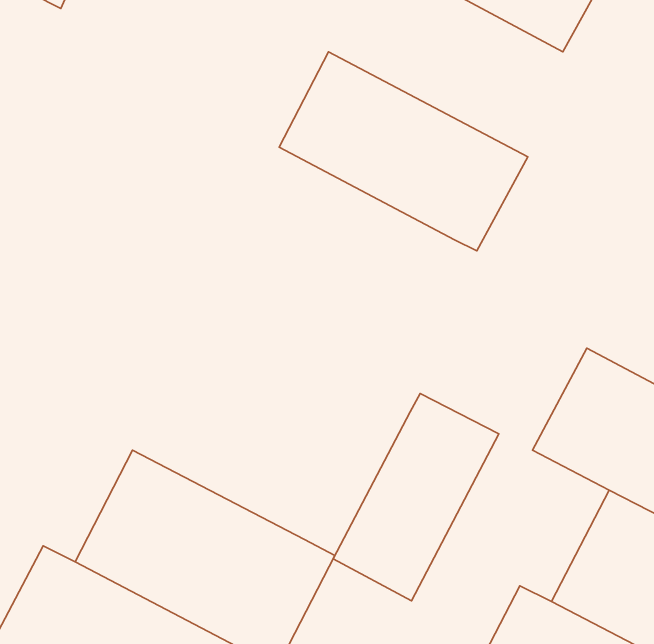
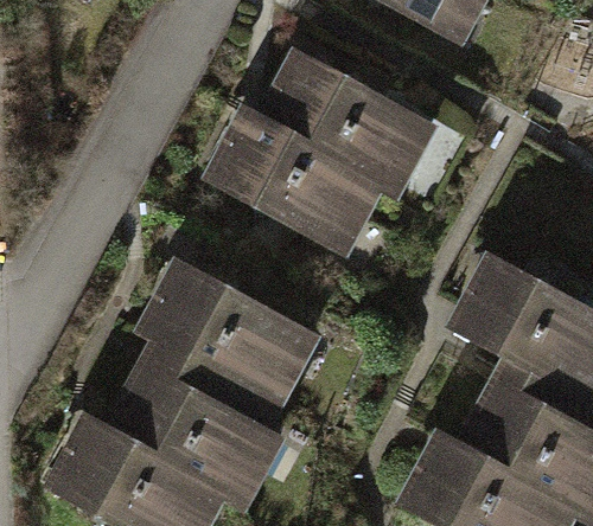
building: none -> [205,107,387,255]
building: none -> [130,255,314,405]
building: [333,394,499,601] -> none

